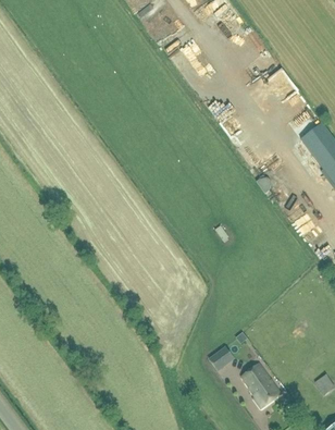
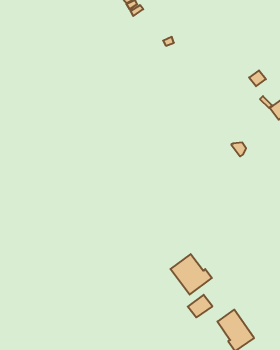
building: none -> [170,254,212,295]

